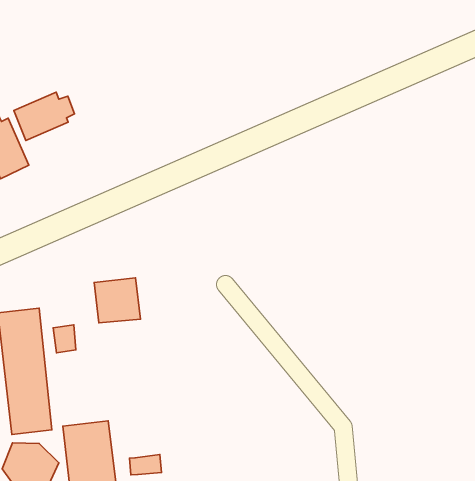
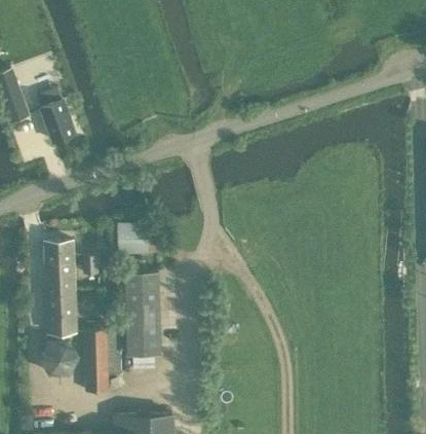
building: [14,92,75,141] -> none
building: none -> [125,273,160,356]

